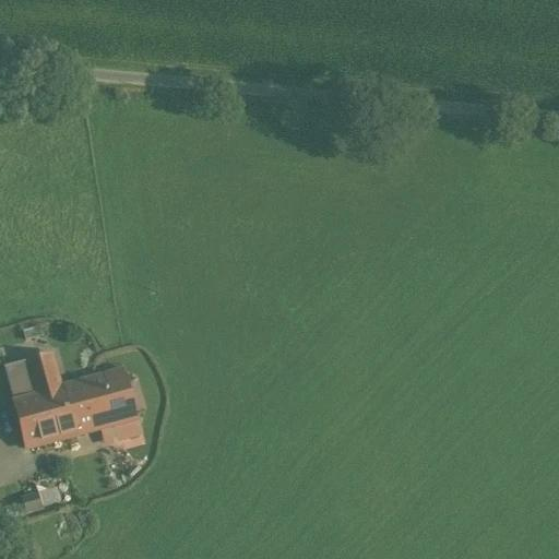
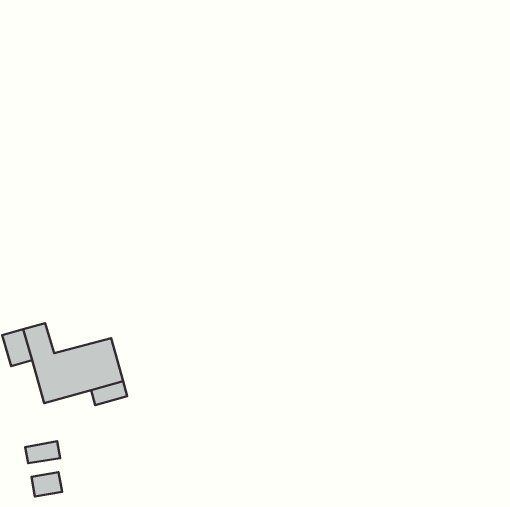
building: [13,393,49,447] -> none
building: none -> [31,472,62,497]

